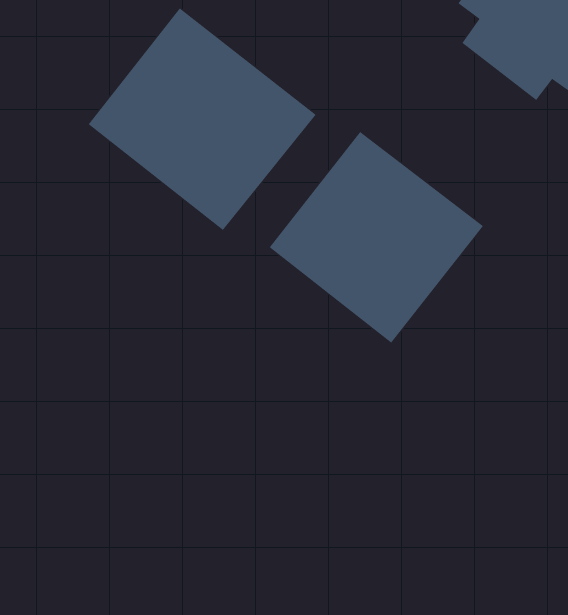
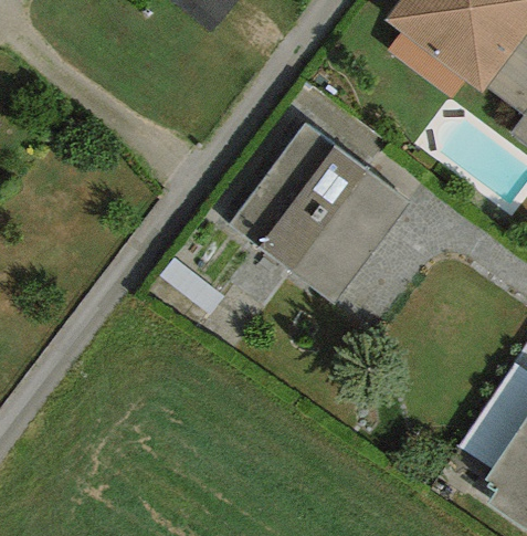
building: [88,7,317,231] -> none

